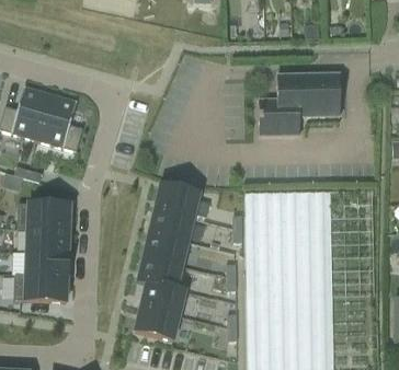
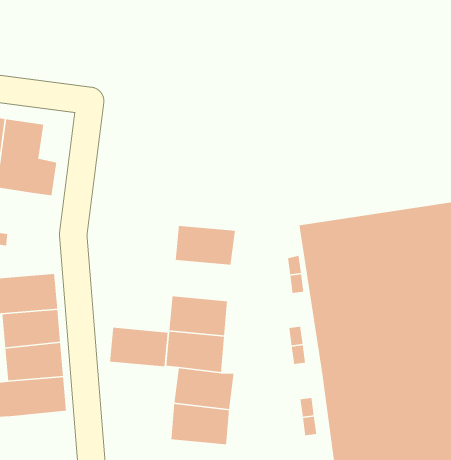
building: [258,73,340,132] -> none
building: [149,206,193,239] -> [109,327,168,367]

